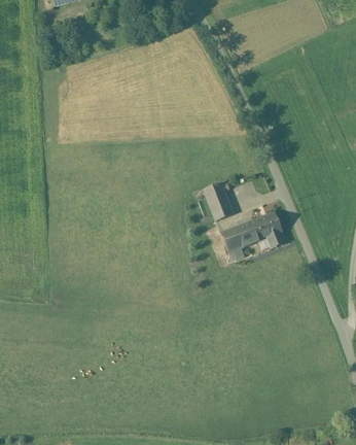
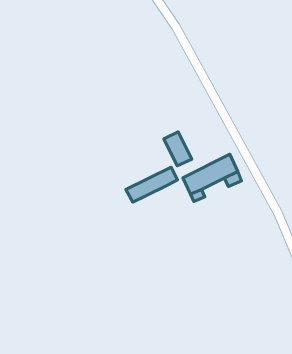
building: none -> [126,167,177,202]

